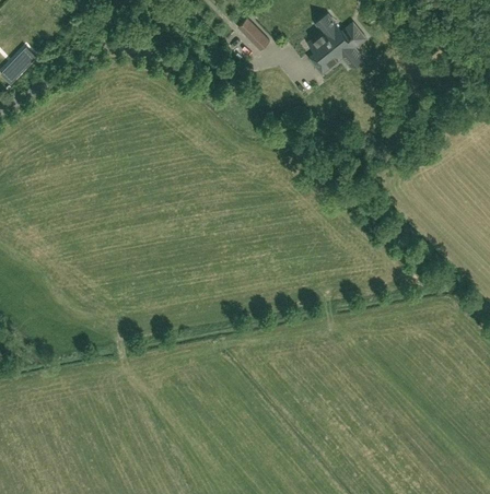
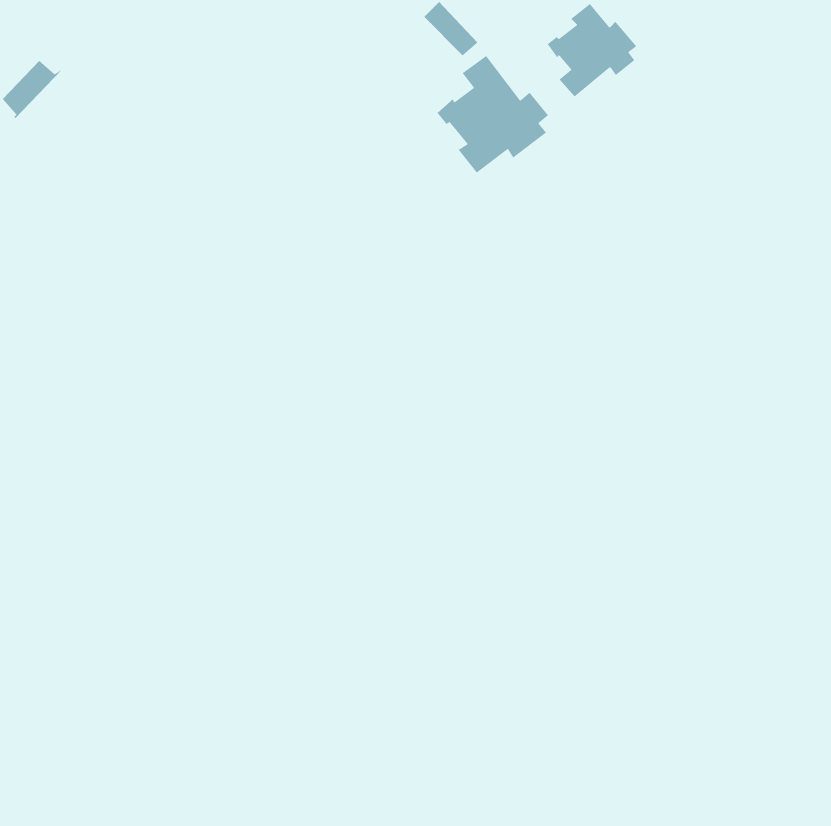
building: none -> [437,55,549,173]

